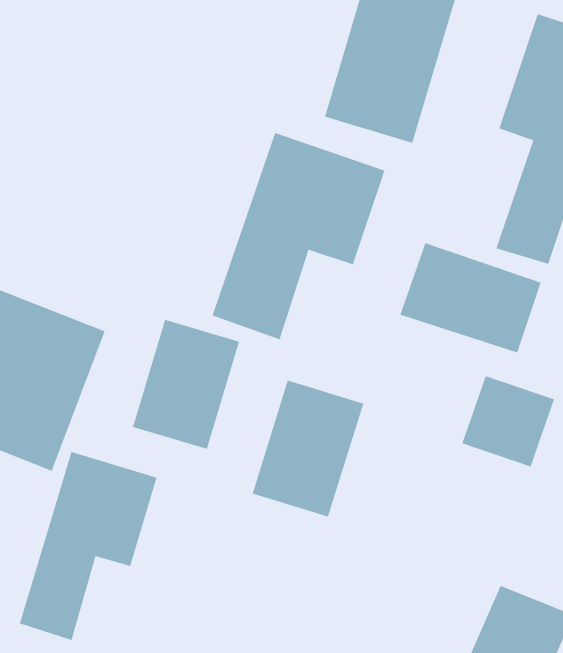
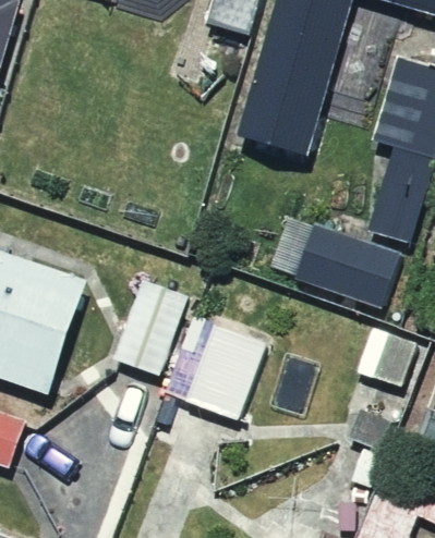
building: [212,132,385,340] -> none
building: [19,451,157,641] -> none

